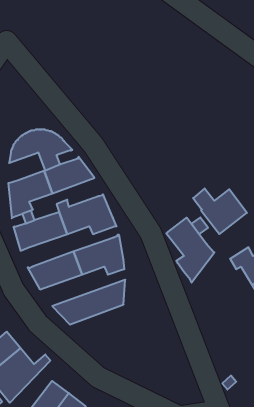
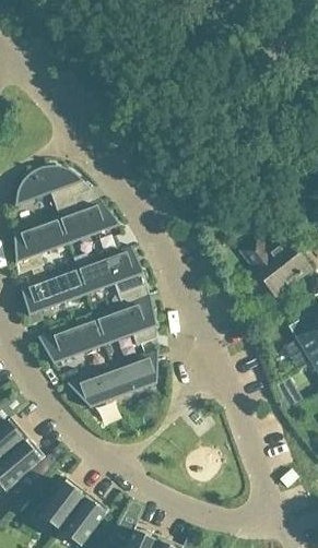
building: [166,218,214,283] -> none

